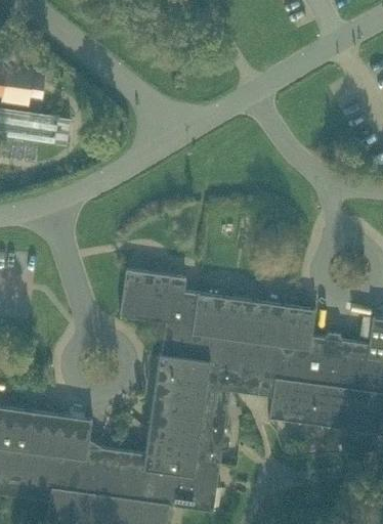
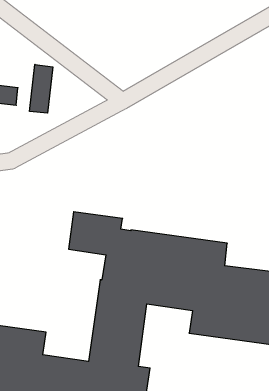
building: none -> [30,64,53,113]

